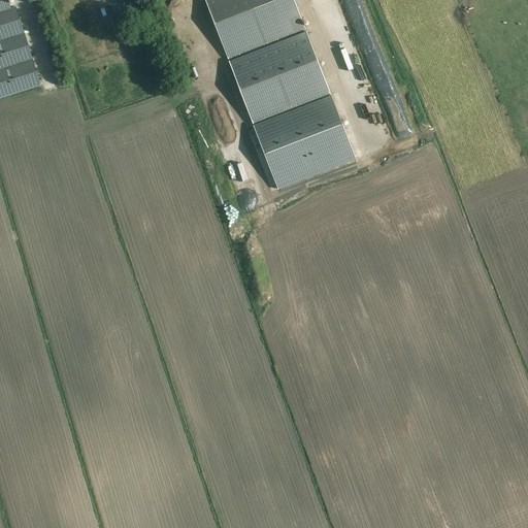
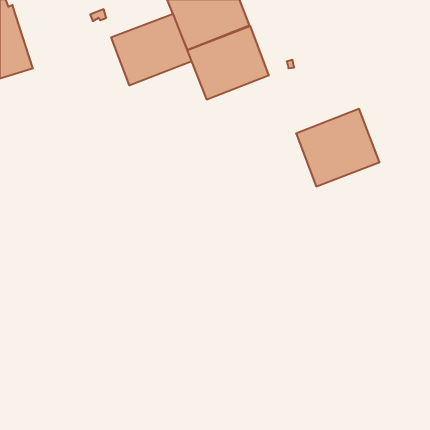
building: none -> [111,14,191,85]
building: [253,94,355,189] -> [296,109,380,186]

